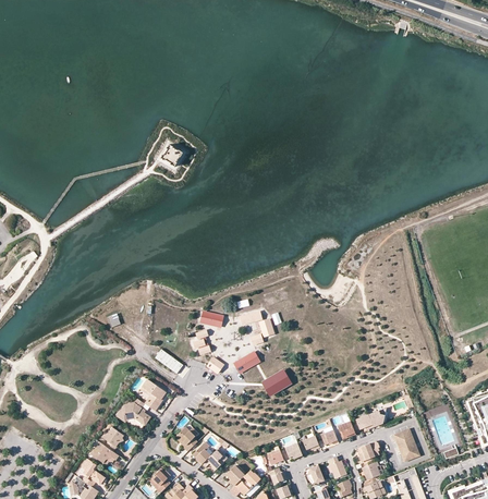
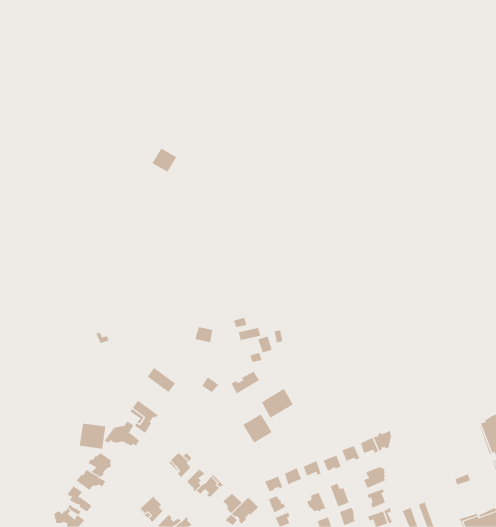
building: none -> [243,414,273,444]
building: none -> [79,423,106,449]
building: [394,428,422,462] -> none

